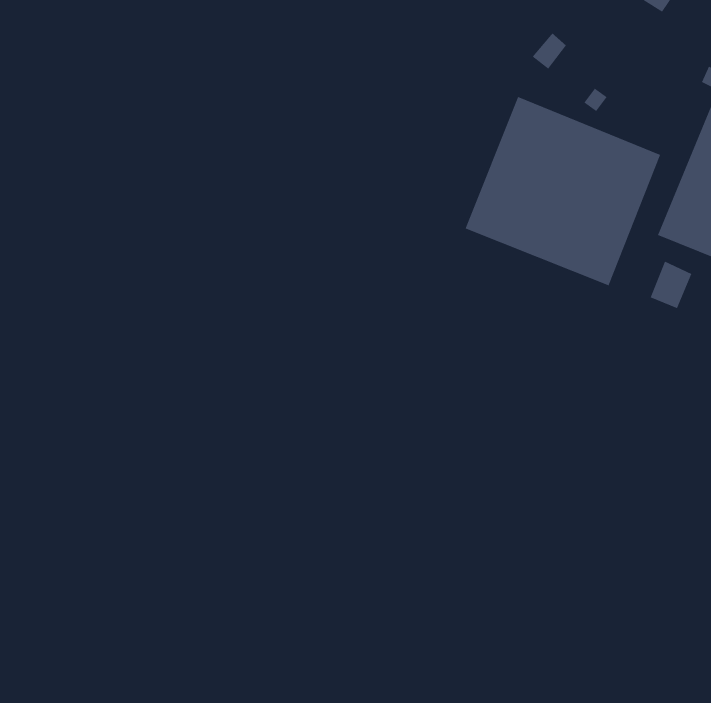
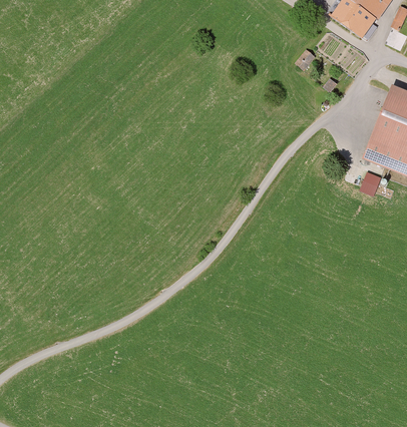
building: [465,96,661,286] -> none

